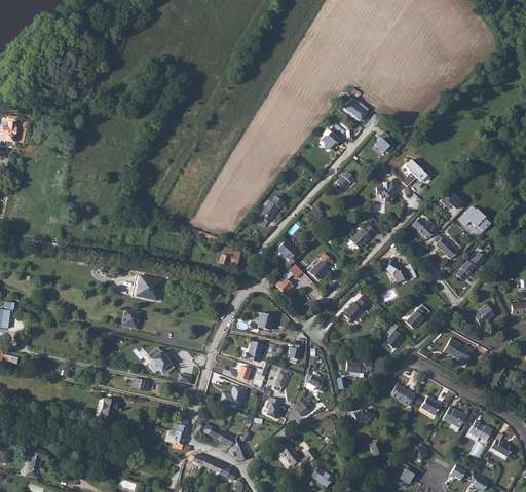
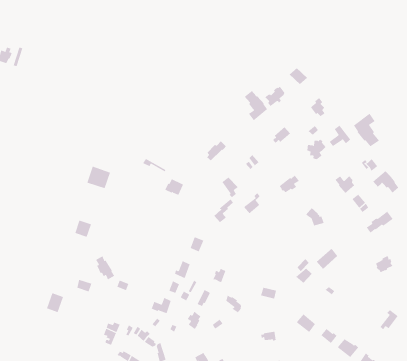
building: none -> [244,90,268,121]
building: none -> [353,113,380,147]
building: [136,274,162,299] -> [86,166,111,189]
building: [343,294,372,321] -> none
building: [443,338,475,362] -> none

